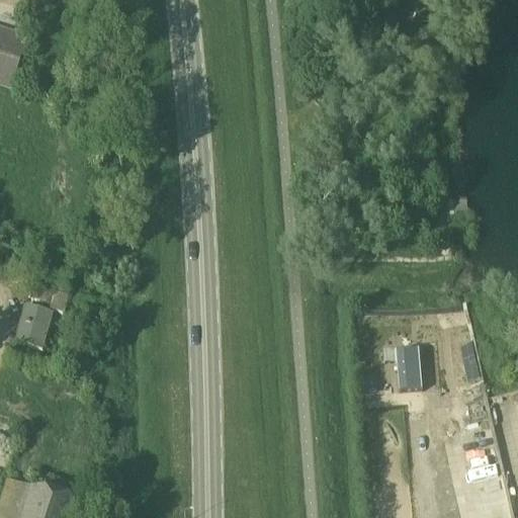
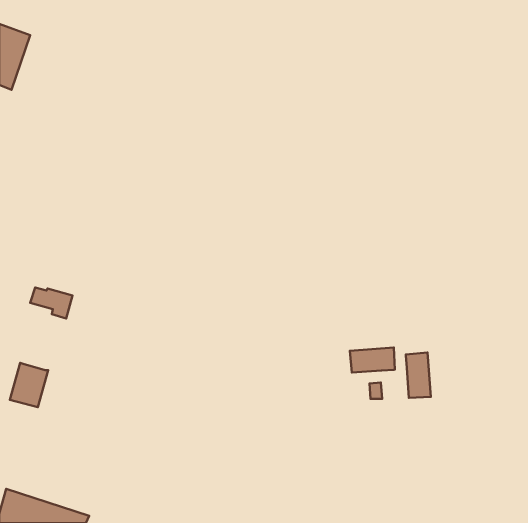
building: [14,304,52,347] -> [10,363,48,407]
building: none -> [350,348,395,373]

